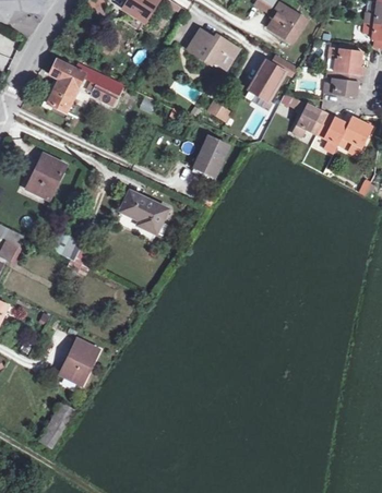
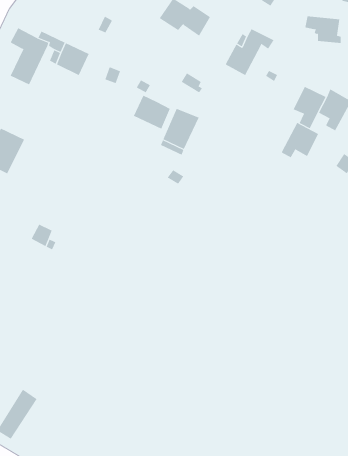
building: [324,72,362,98] -> none
building: [291,104,327,137] -> [281,122,319,158]
building: none -> [133,95,171,130]
building: [121,193,168,235] -> none
building: [58,337,97,383] -> none

